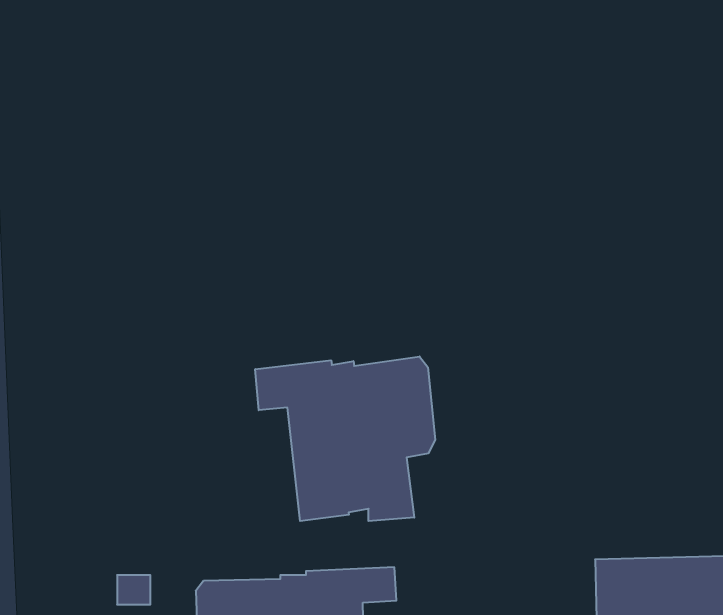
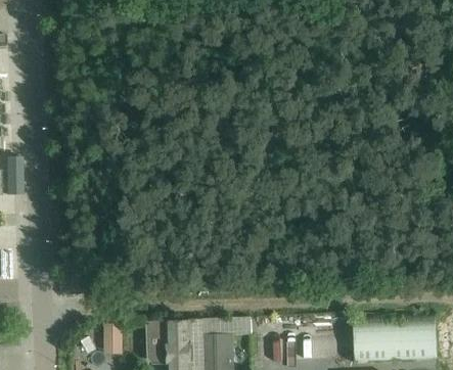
building: [255,356,435,521] -> none

